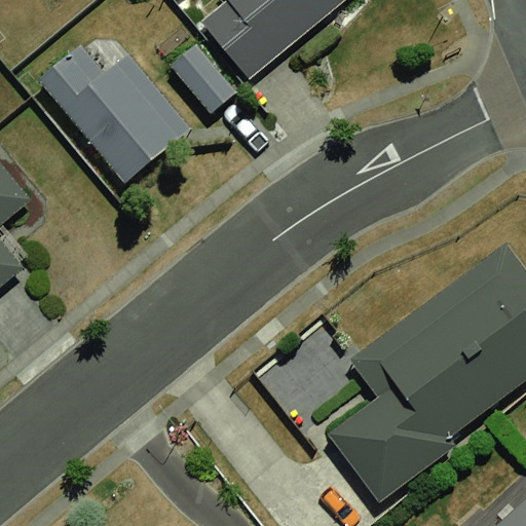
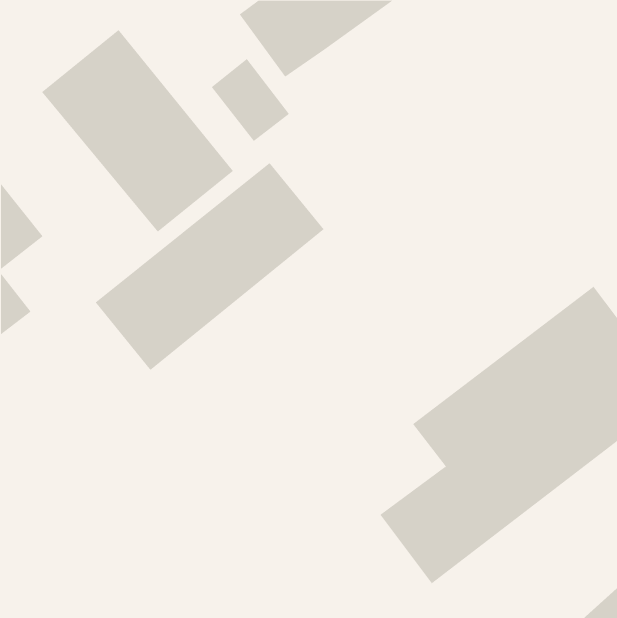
building: none -> [95,162,324,371]

